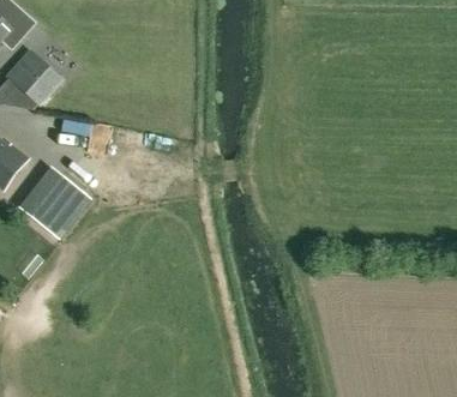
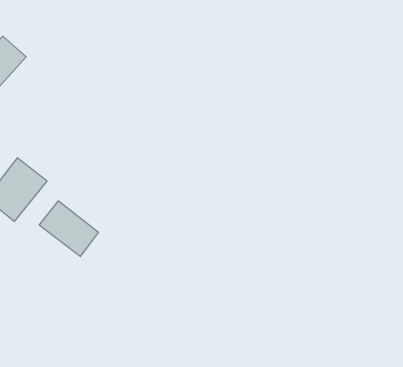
building: none -> [39,201,98,257]

